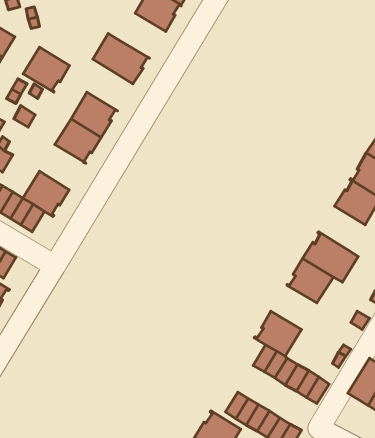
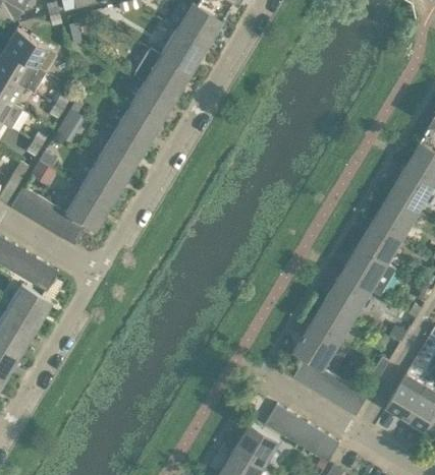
building: none -> [159,29,206,74]
building: [23,47,69,92] -> [127,81,173,126]
building: none -> [80,160,126,204]
building: none -> [358,221,403,264]
building: none -> [310,299,356,343]

